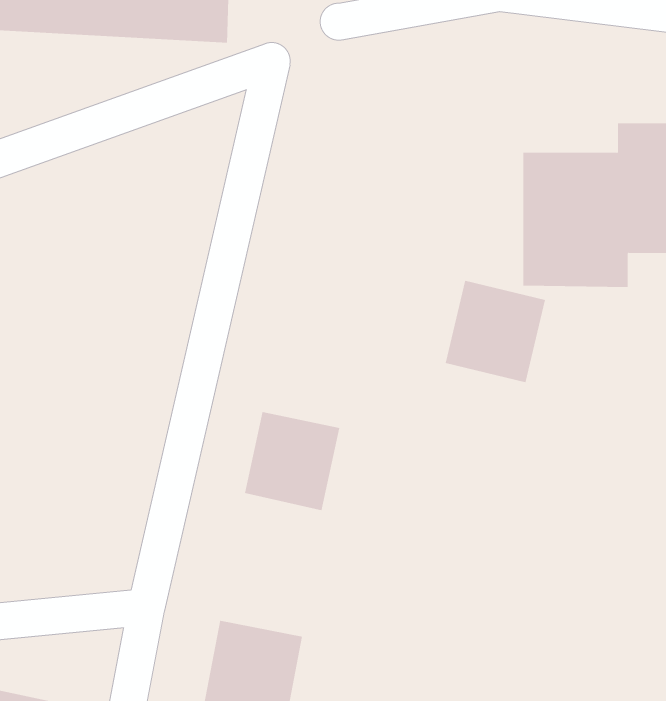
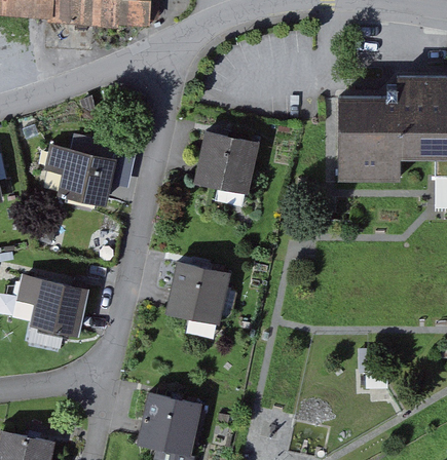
building: none -> [41,141,115,197]
building: [445,280,546,383] -> [196,128,260,193]
building: none -> [13,275,90,335]

